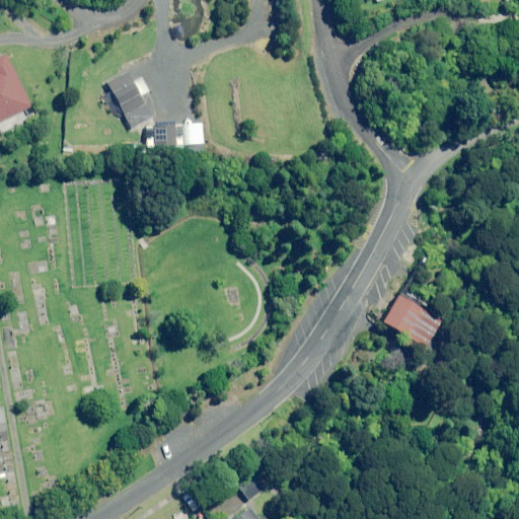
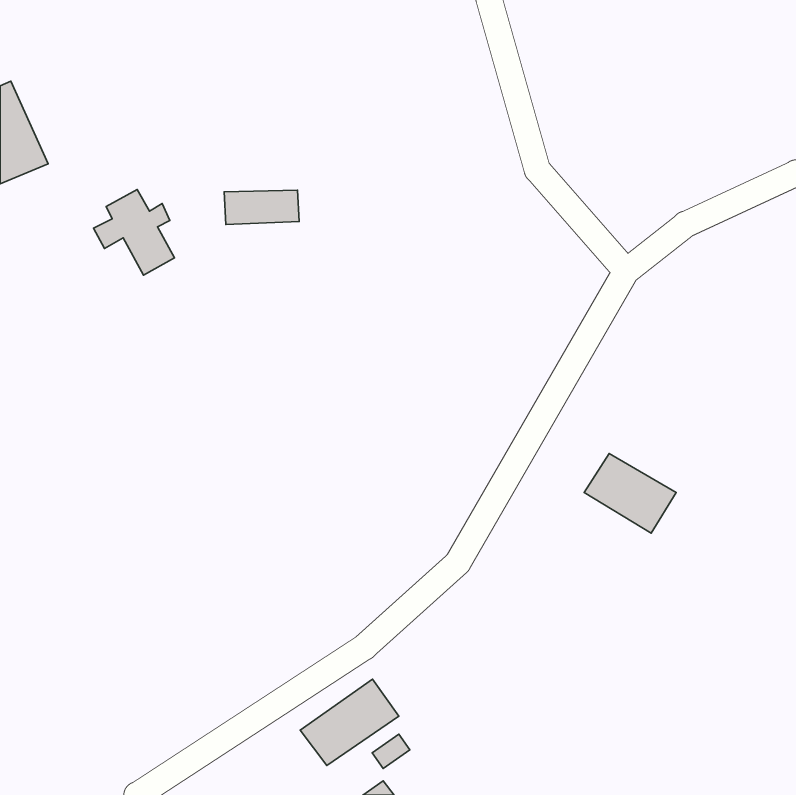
building: [100,71,153,127] -> [94,189,175,275]
building: none -> [300,679,399,766]

